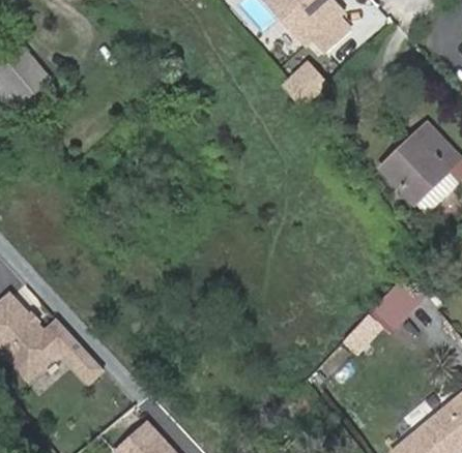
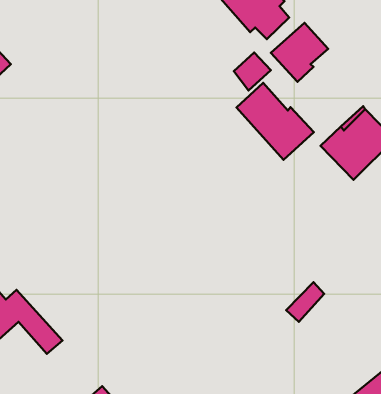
building: none -> [271,23,328,82]
building: none -> [237,83,314,160]

